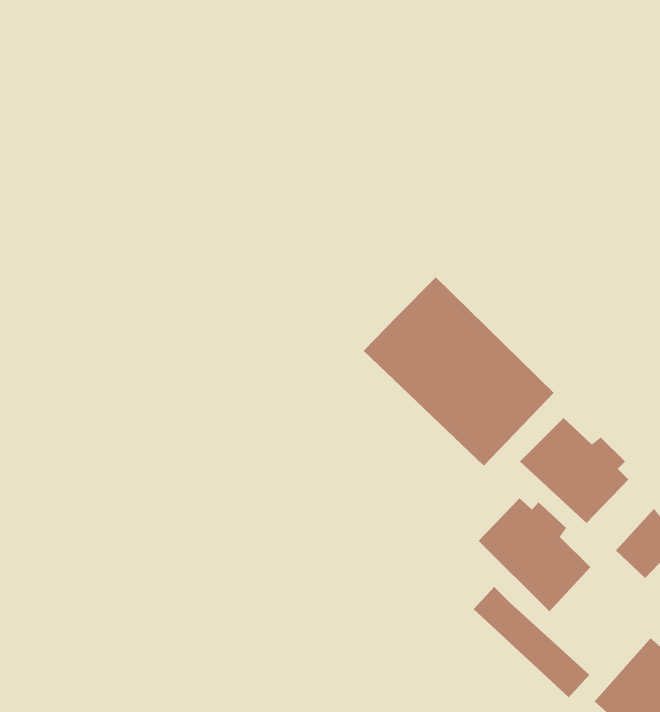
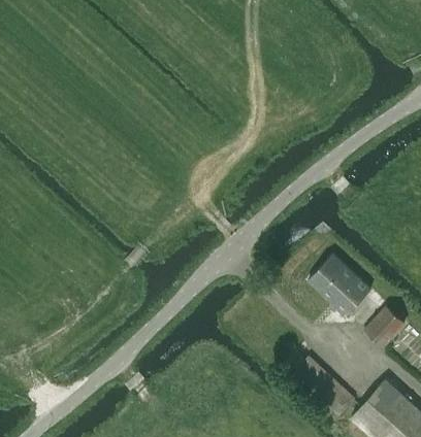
building: [363,277,555,467] -> none
building: [478,497,591,612] -> none

